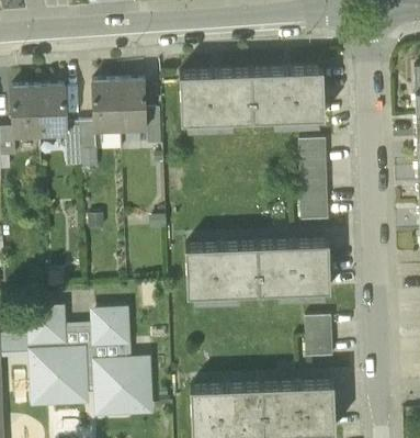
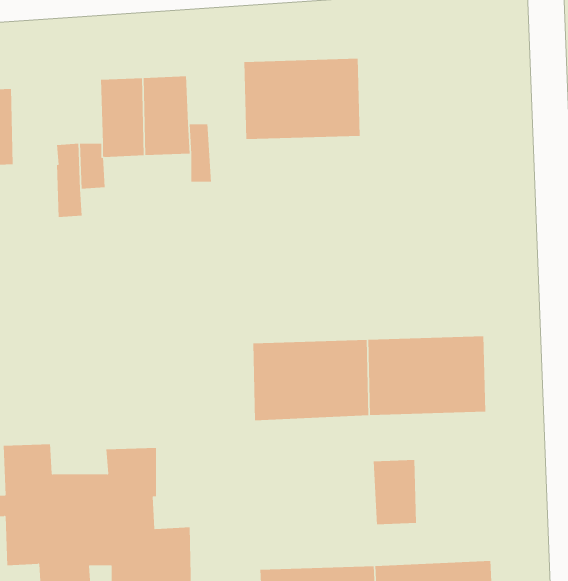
building: [252,67,326,119] -> none
building: [37,88,66,136] -> none
building: [300,138,329,221] -> none
building: [306,316,333,357] -> [373,459,417,525]

